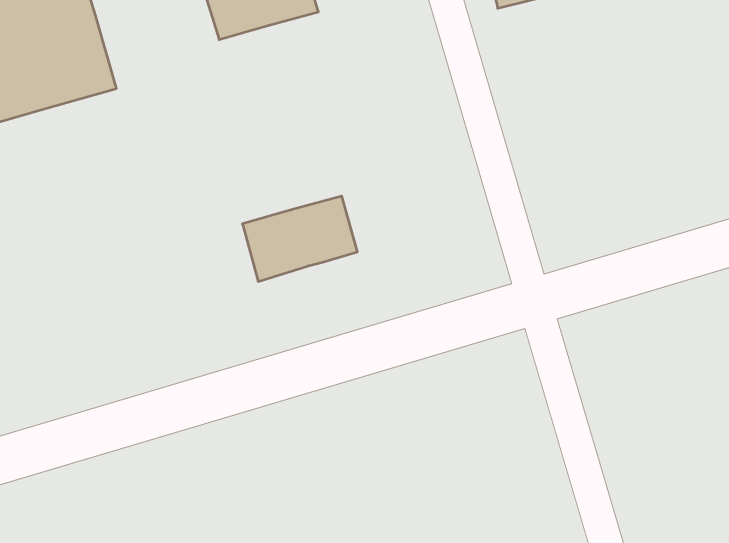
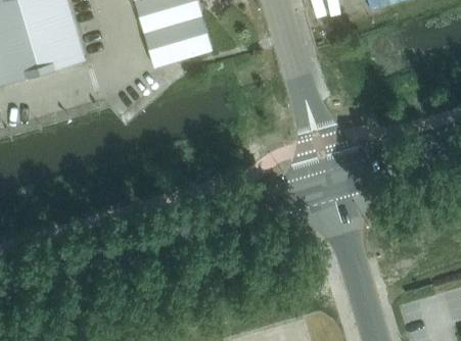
building: [242,196,357,281] -> [144,16,212,66]

